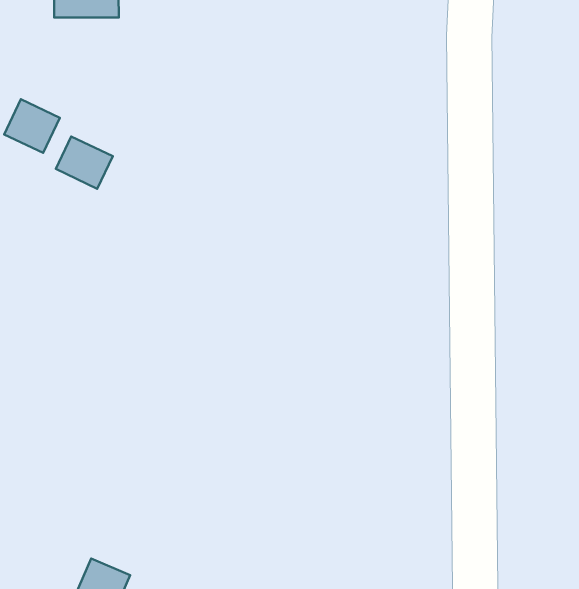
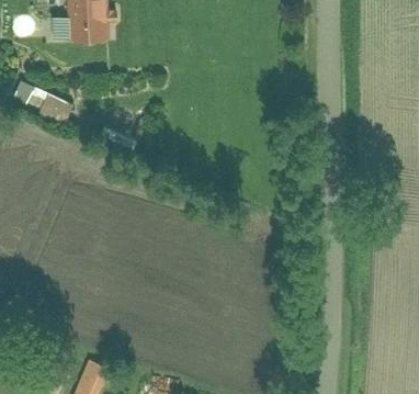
building: [56,136,113,189] -> none

